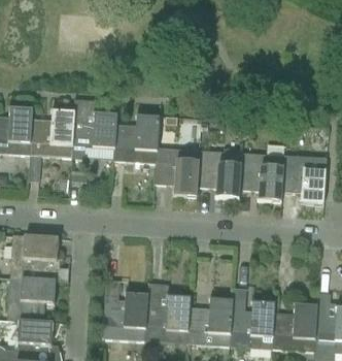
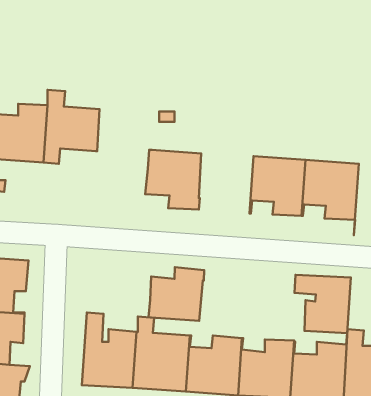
building: [112,103,161,162] -> none
building: [197,150,241,198] -> none
building: none -> [149,267,204,321]
building: none -> [295,275,351,333]

